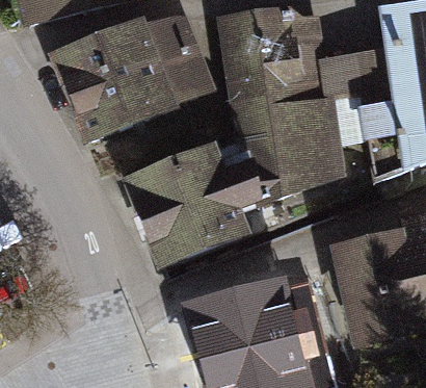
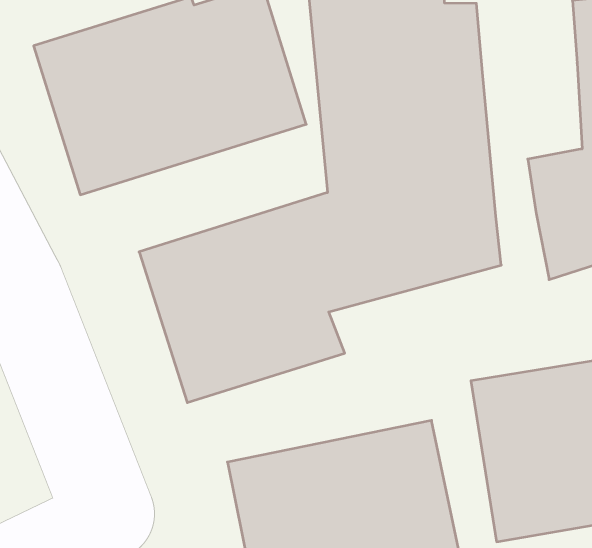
building: [328,44,393,141] -> none

